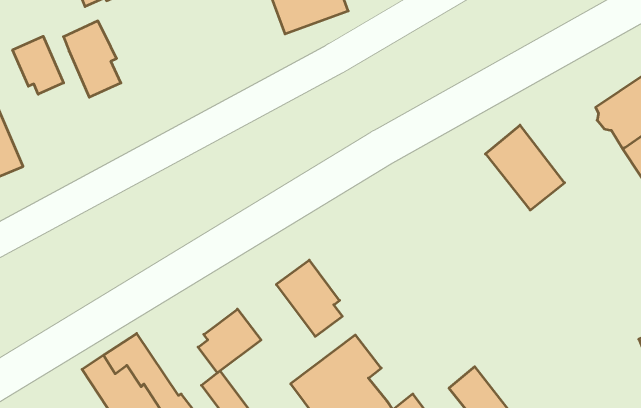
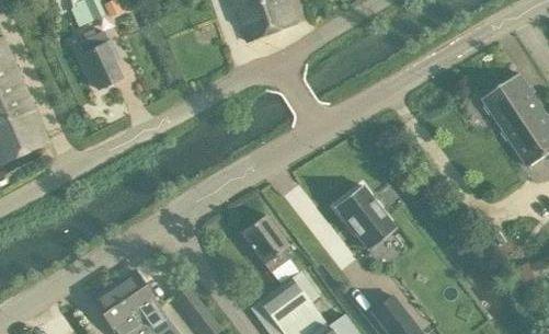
building: [13,36,64,94] -> none
building: [485,125,565,210] -> [334,184,394,249]
building: [198,309,261,373] -> none

